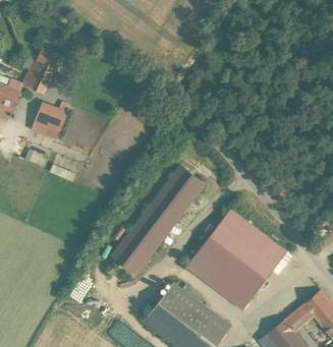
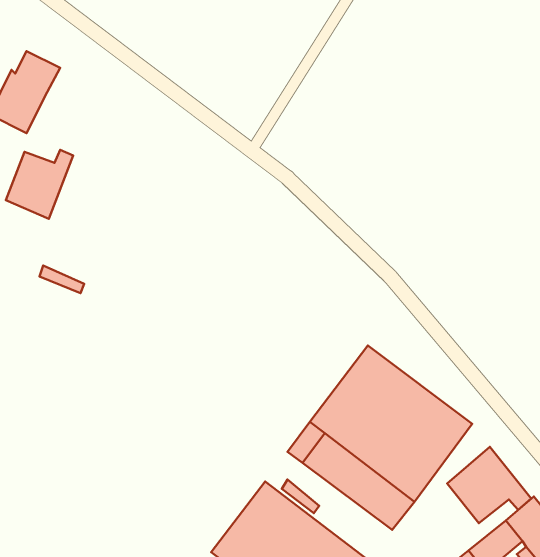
building: [111,162,203,277] -> none
building: none -> [447,447,531,523]

